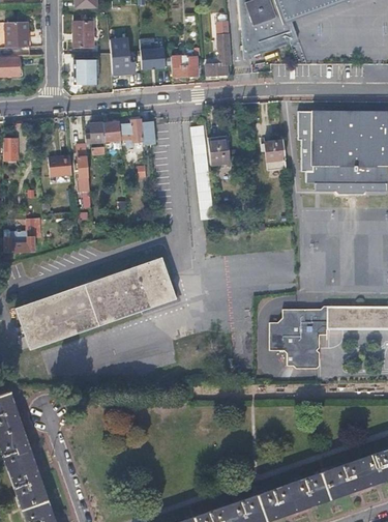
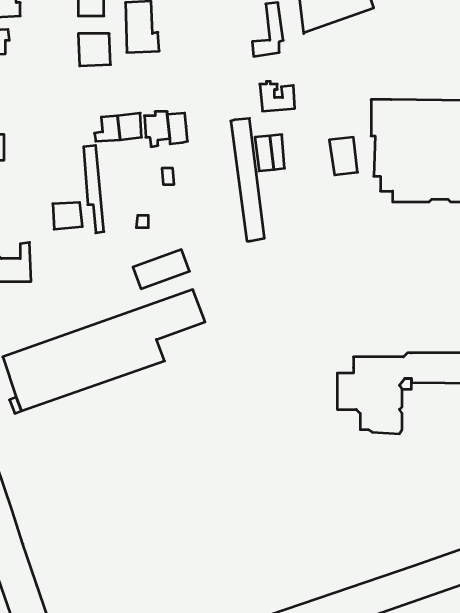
building: [139,40,163,68] -> none
building: [171,55,198,78] -> [260,81,295,111]
building: [50,155,72,176] -> [53,202,82,229]
building: [132,282,176,312] -> [133,250,190,289]

